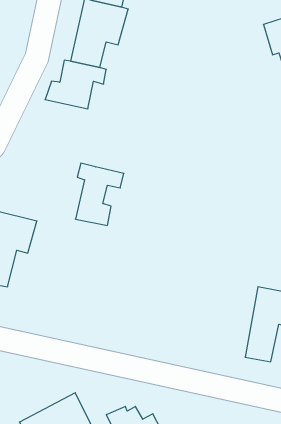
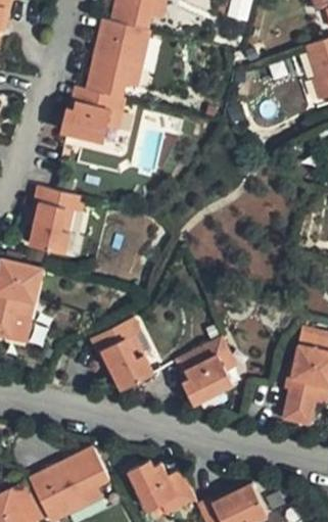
building: [75,163,124,225] -> [32,184,86,253]
building: none -> [92,319,157,389]
building: none -> [179,330,233,399]

